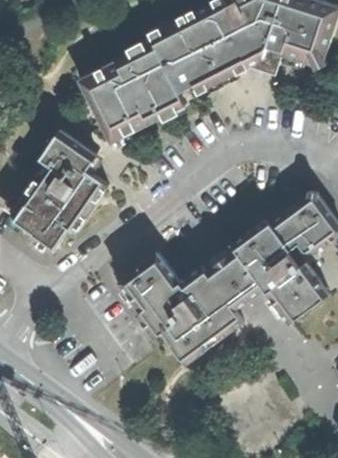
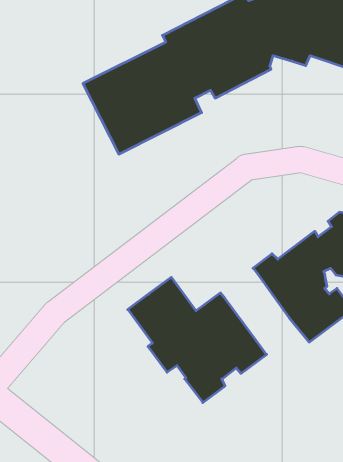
building: [16,130,108,252] -> none
building: [206,249,263,309] -> none

